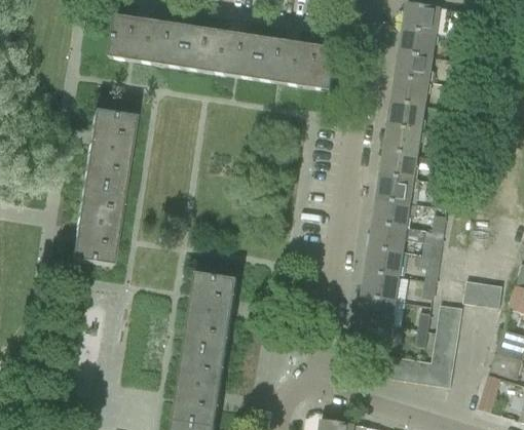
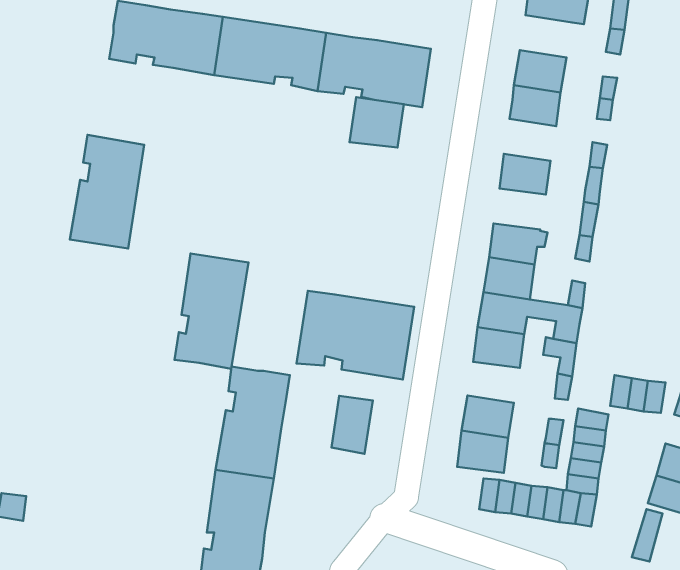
building: [400,25,441,54] -> none
building: none -> [349,97,404,148]
building: [388,97,425,127] -> none
building: [381,147,418,175] -> none
building: [71,183,123,264] -> [174,254,249,369]
building: none -> [296,291,414,379]
building: [363,269,400,298] -> none
building: none -> [332,396,373,454]

